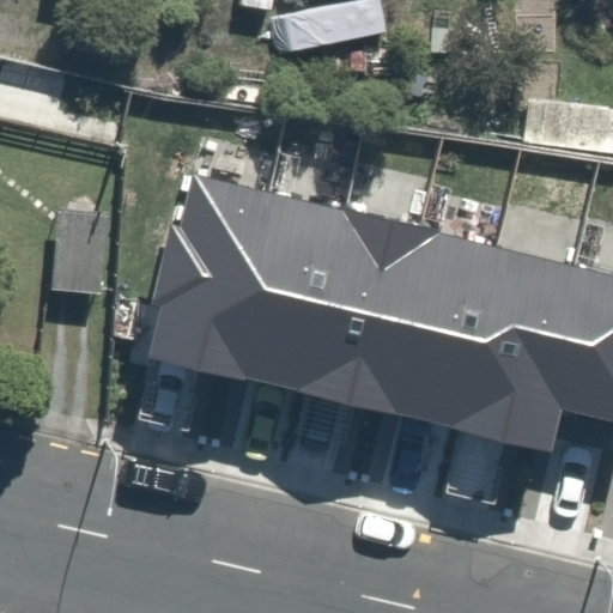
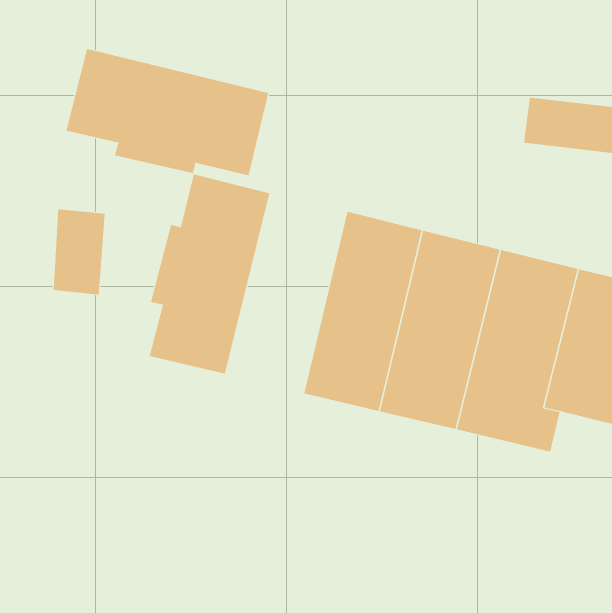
building: none -> [66,48,269,176]
building: [226,193,347,393] -> none

